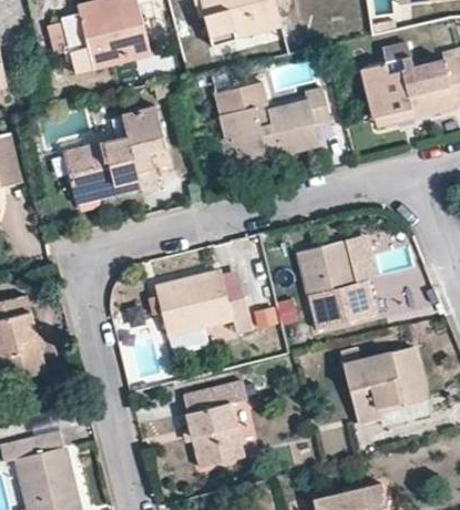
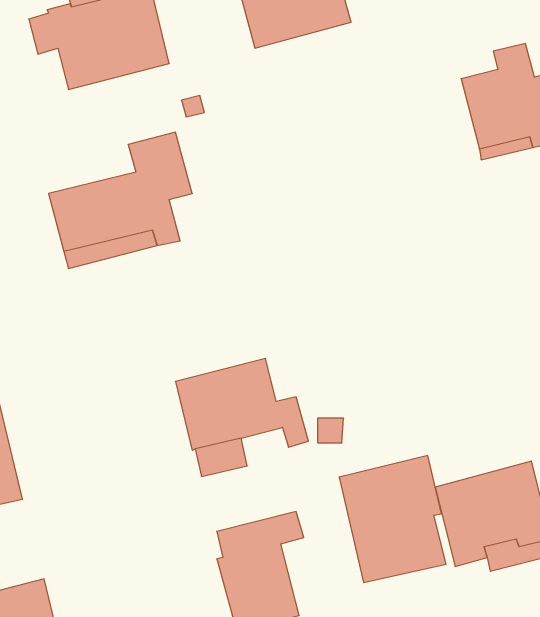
building: [214,82,330,166] -> none
building: [296,235,374,327] -> [339,456,446,583]

